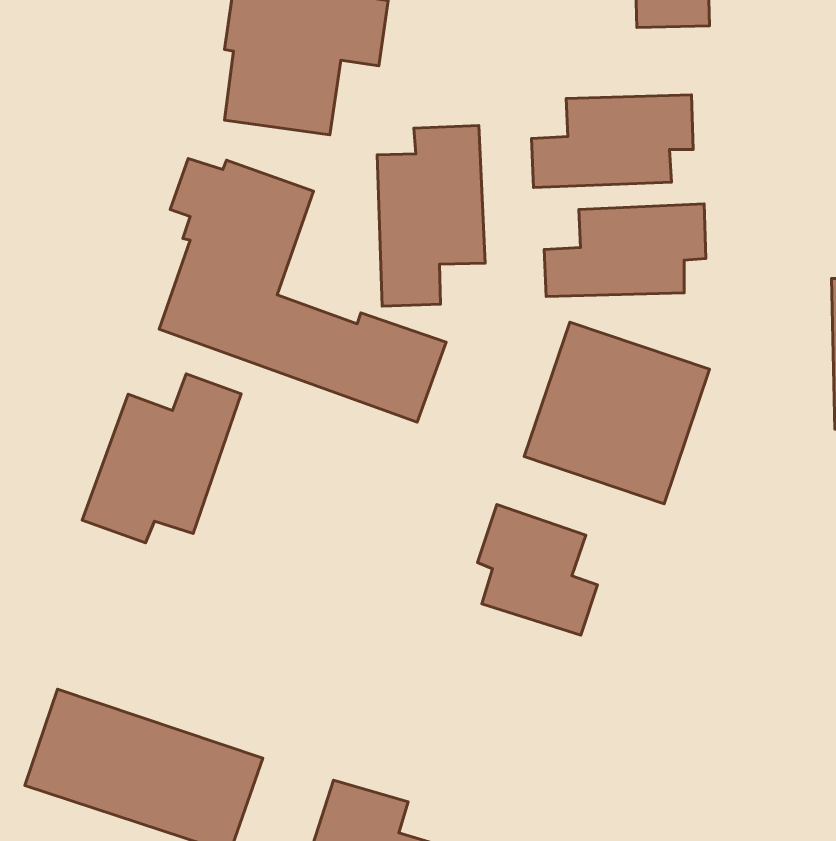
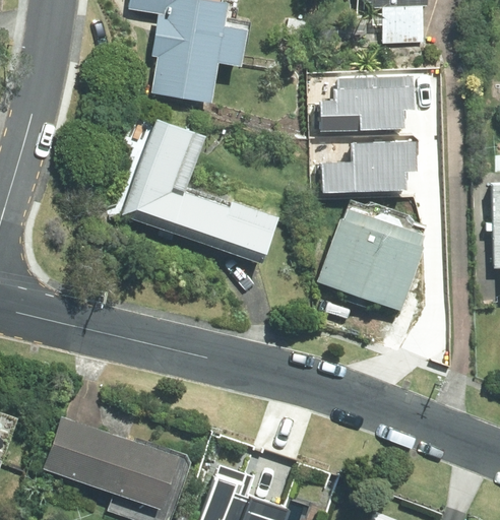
building: [377,126,485,306] -> none
building: [82,374,241,543] -> none
building: [477,504,598,635] -> none

